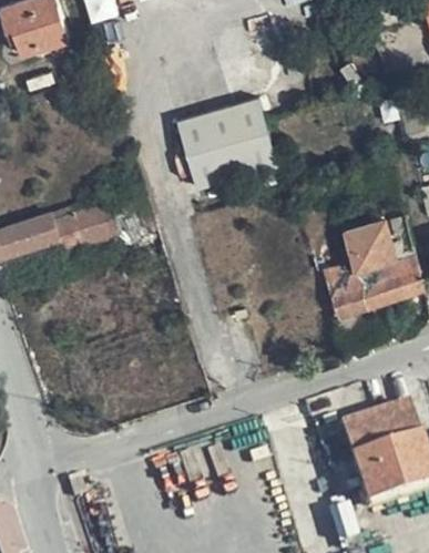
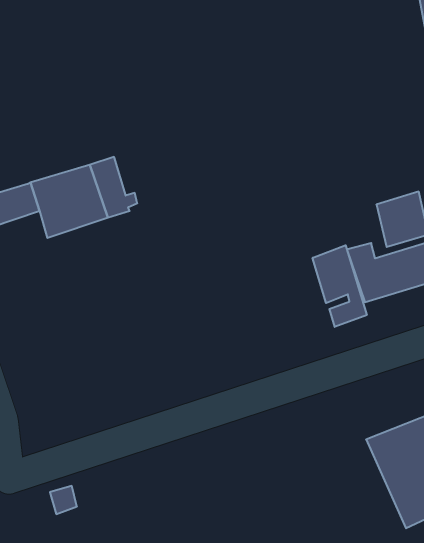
building: [182,102,282,191] -> none
building: none -> [313,245,367,327]

